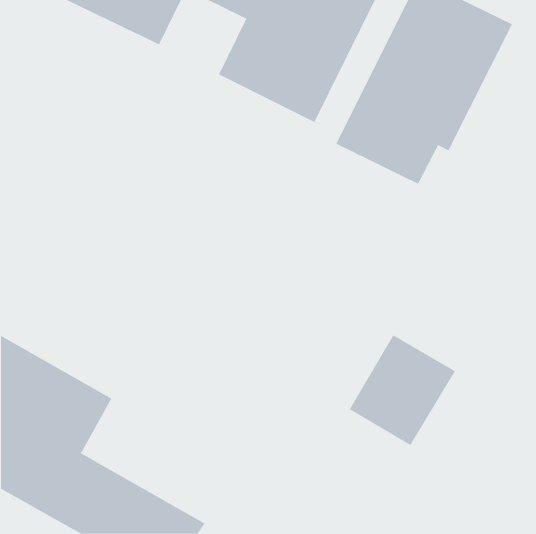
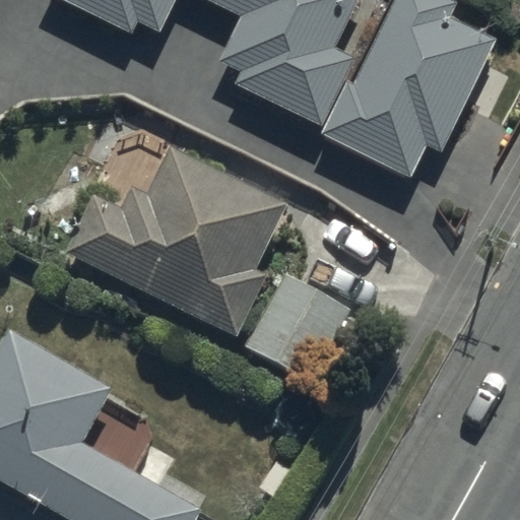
building: none -> [62,151,291,331]
building: [349,335,456,446] -> [245,275,348,383]

